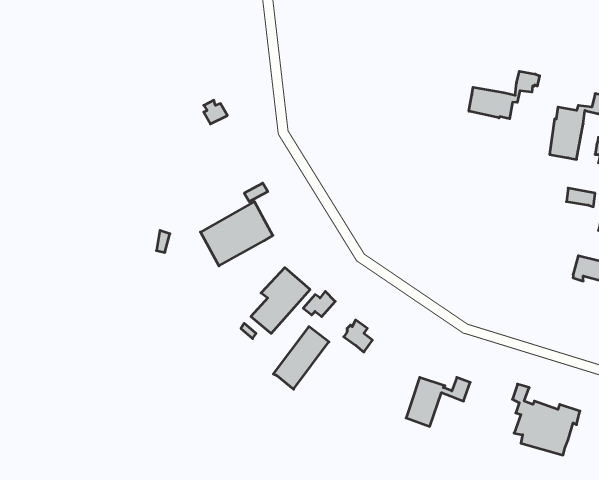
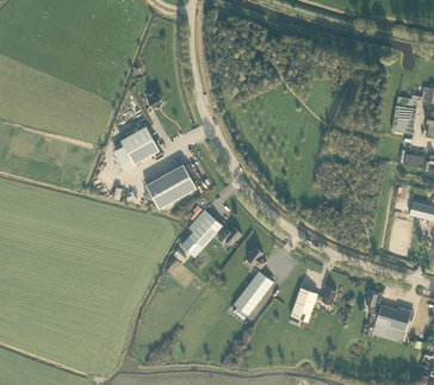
building: [469,71,540,119] -> none
building: none -> [119,126,159,164]
building: [273,327,329,389] -> [233,271,272,315]

